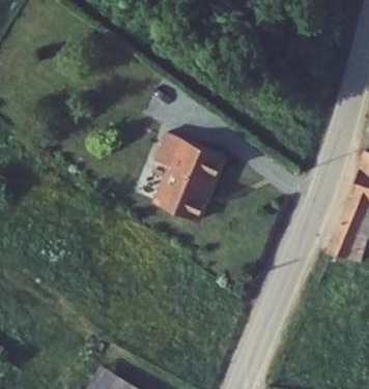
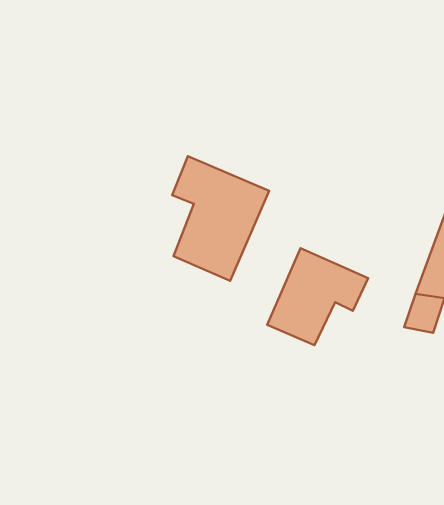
building: none -> [267,248,368,345]

